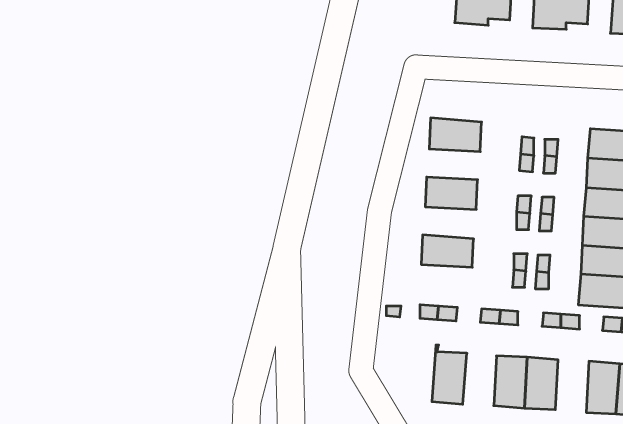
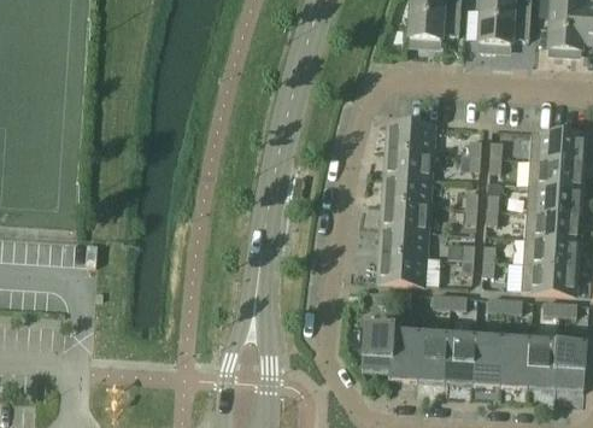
building: none -> [384,148,433,176]
building: none -> [381,200,429,229]
building: none -> [378,252,425,282]
building: none -> [362,322,393,375]
building: none -> [417,332,447,379]
building: none -> [500,338,530,385]

